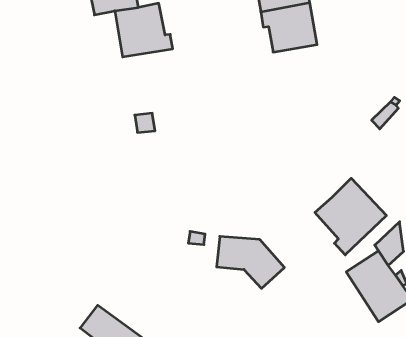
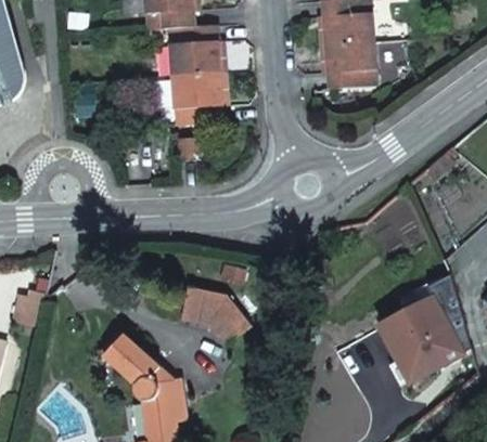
building: none -> [174,75,228,127]
building: [315,178,386,255] -> none
building: [217,236,284,288] -> [181,288,252,347]

